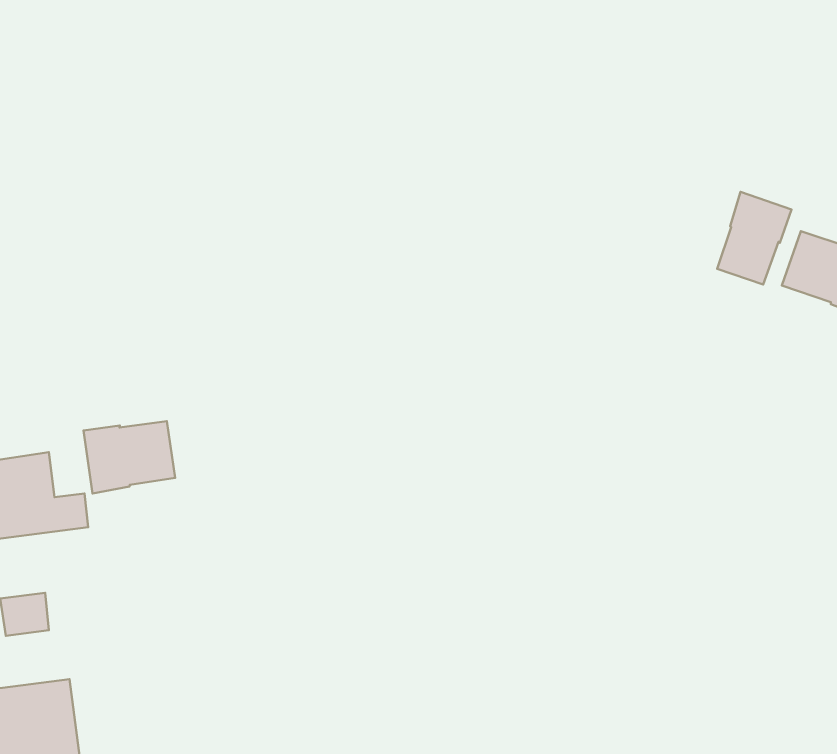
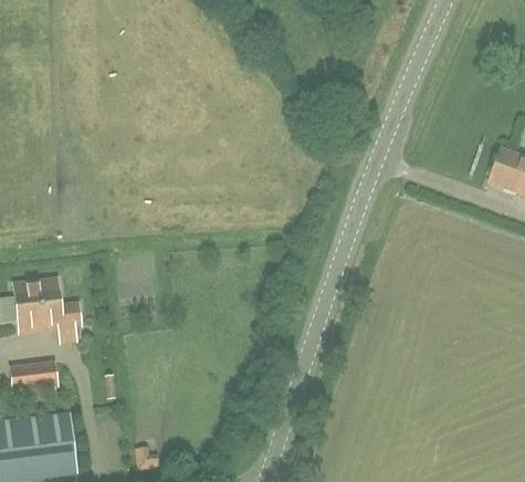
building: [717,192,792,285] -> none
building: [83,421,175,493] -> none

